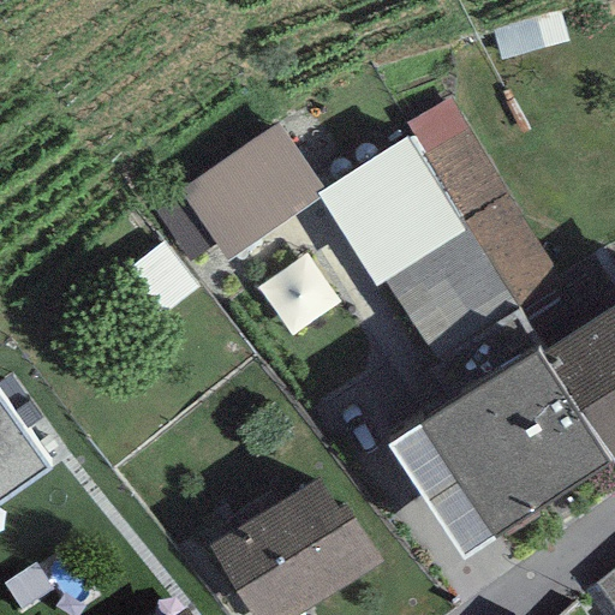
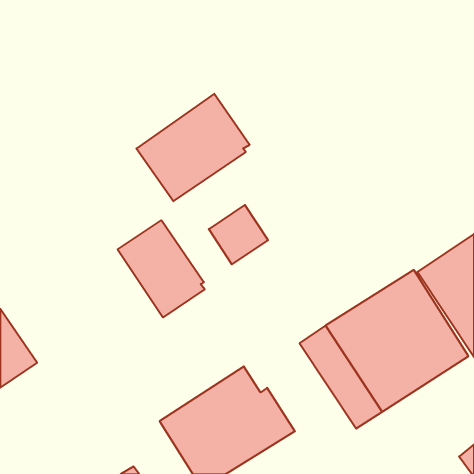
building: [406,96,568,312] -> none
building: [315,136,514,359] -> none
building: none -> [118,220,205,317]

